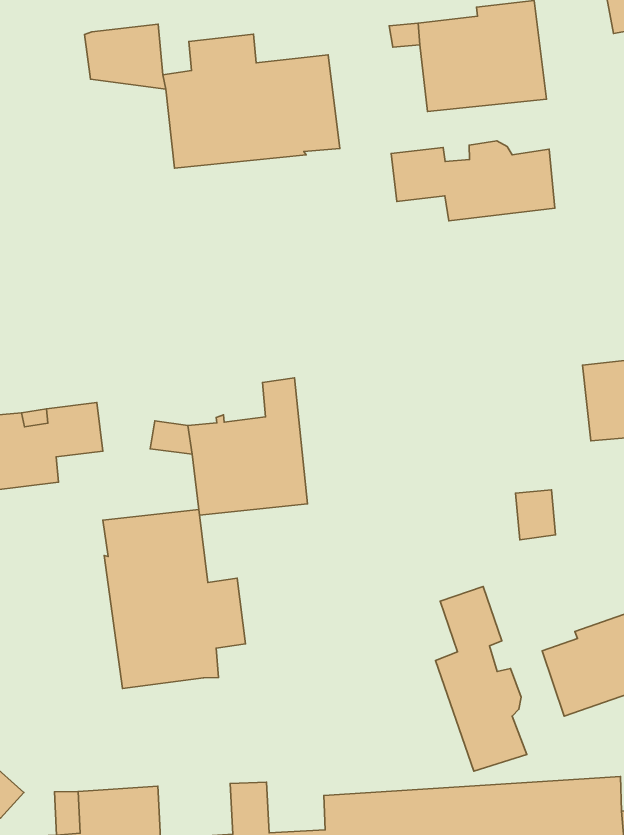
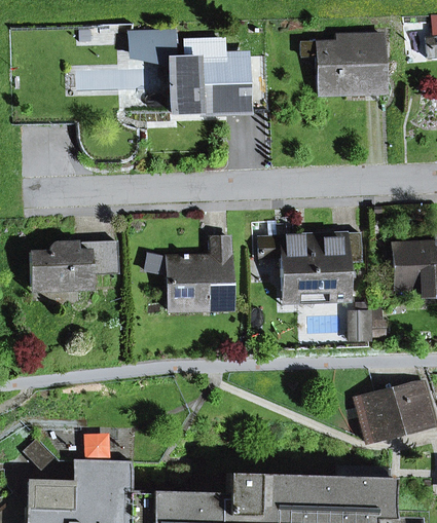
building: [391,141,555,221] -> none
building: none -> [259,232,362,302]
building: [103,509,245,688] -> none
building: [436,586,527,771] -> none

